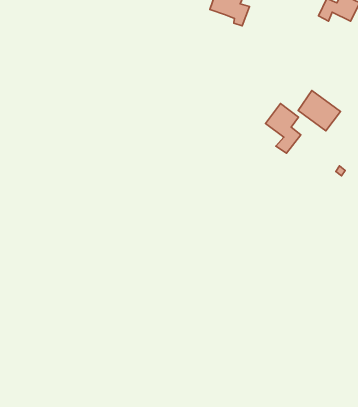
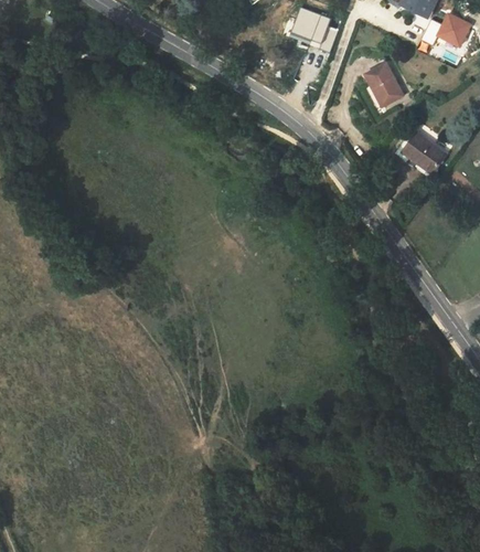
building: none -> [366,64,403,106]
building: [266,104,301,153] -> none

